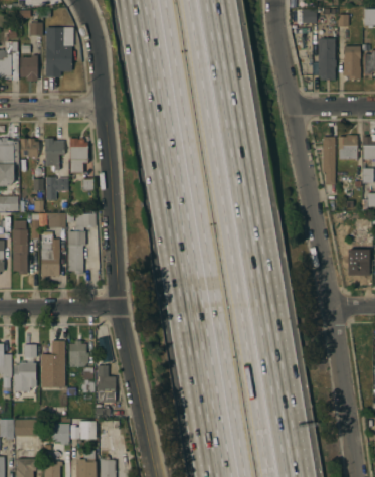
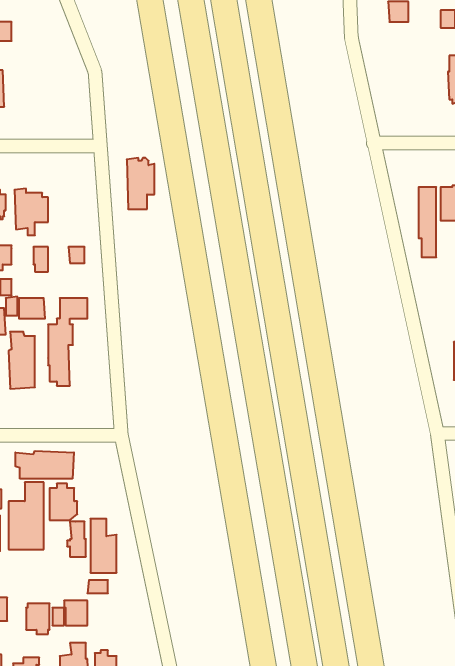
building: [43,28,70,77] -> none
building: [318,38,337,80] -> none
building: [68,138,87,173] -> [127,158,154,209]
building: none -> [15,451,74,479]

